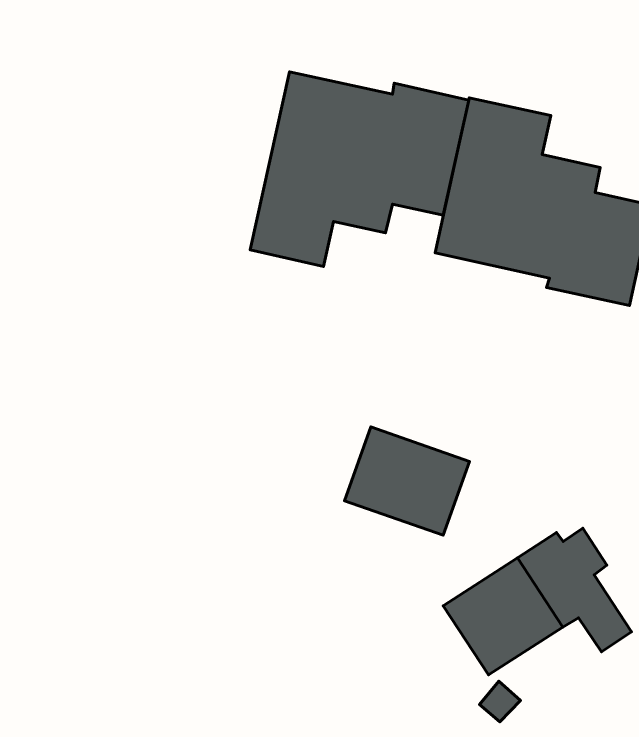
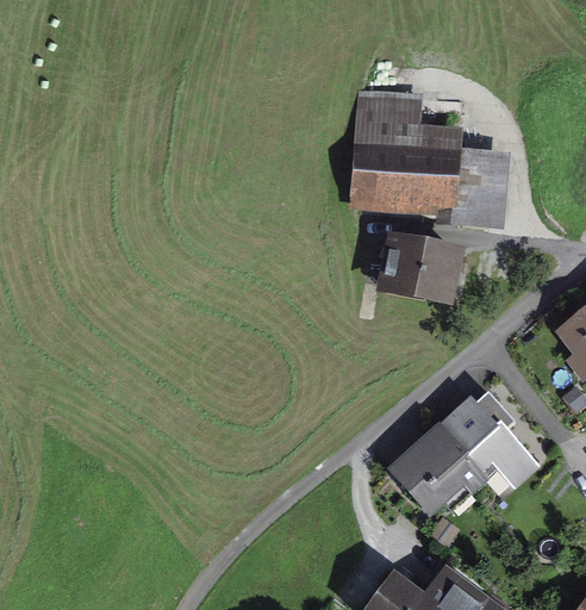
building: [250,72,469,266] -> none
building: [345,427,469,535] -> [374,229,462,301]

